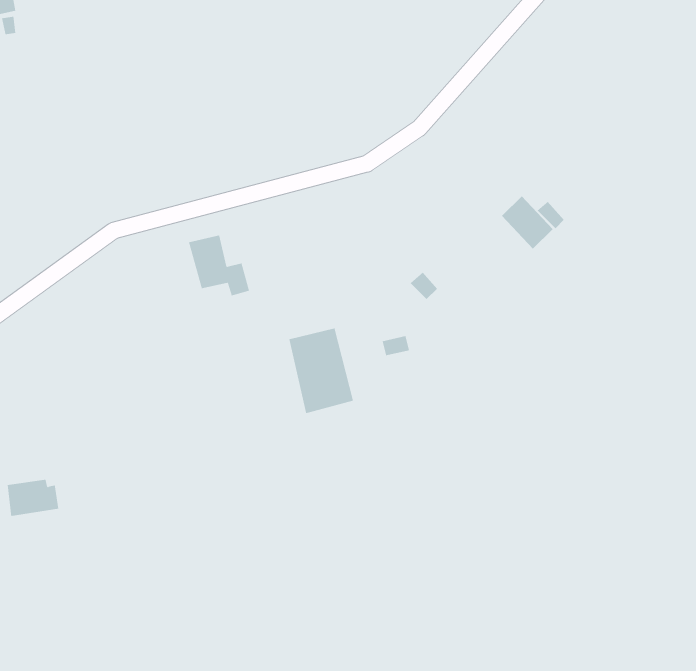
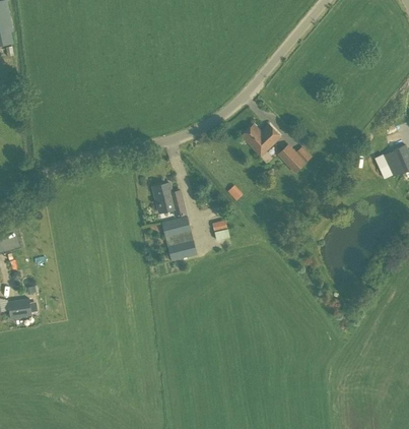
building: none -> [242,124,280,156]
building: [188,235,250,296] -> [152,183,186,217]

